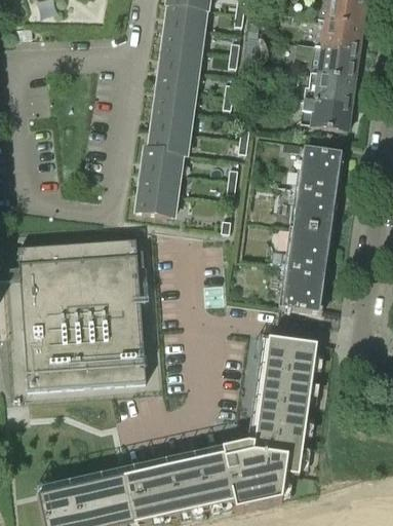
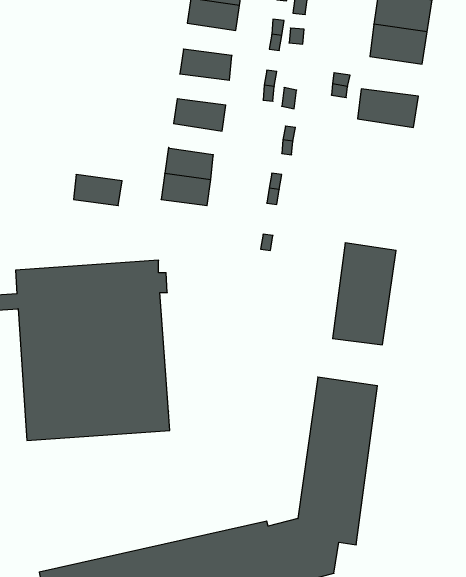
building: [158,42,201,69] -> none
building: [305,70,355,103] -> none
building: [153,84,196,110] -> none
building: [147,125,190,152] -> none
building: [291,146,344,230] -> none
building: [137,188,178,214] -> [74,175,122,206]

